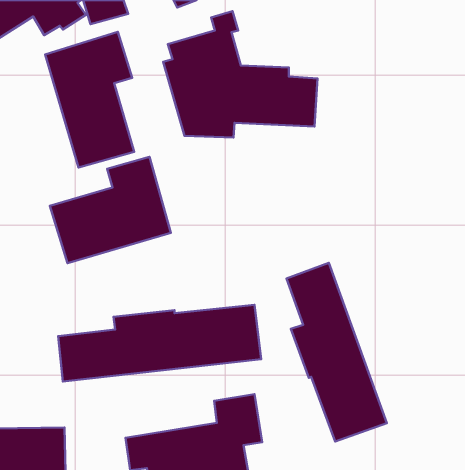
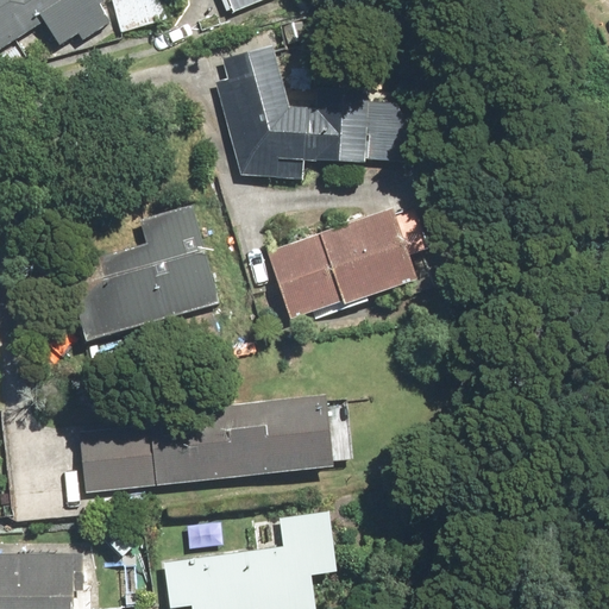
building: [45,32,134,167] -> none
building: none -> [264,201,446,325]
building: [286,263,387,441] -> none

